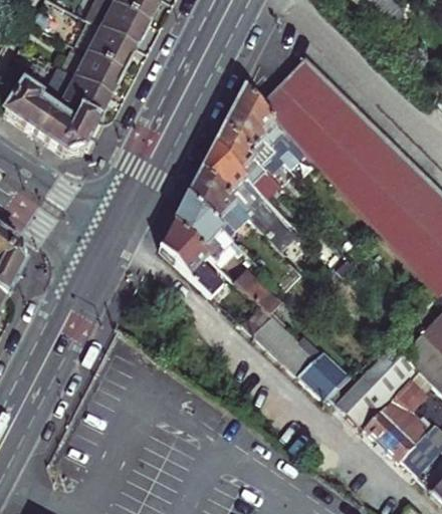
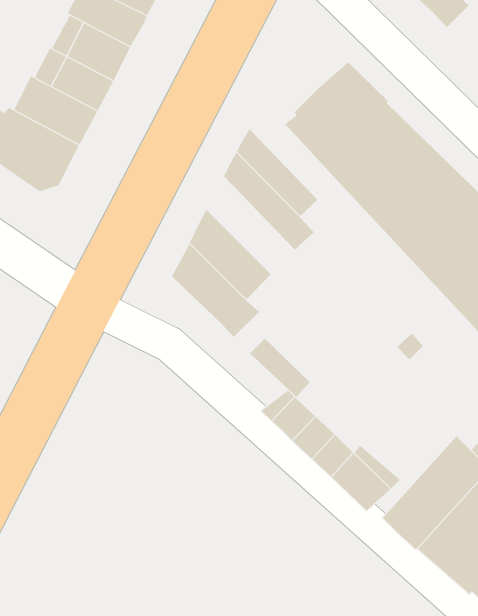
building: [231,83,295,157] -> none
building: [198,142,301,252] -> none
building: [158,219,223,293] -> none

